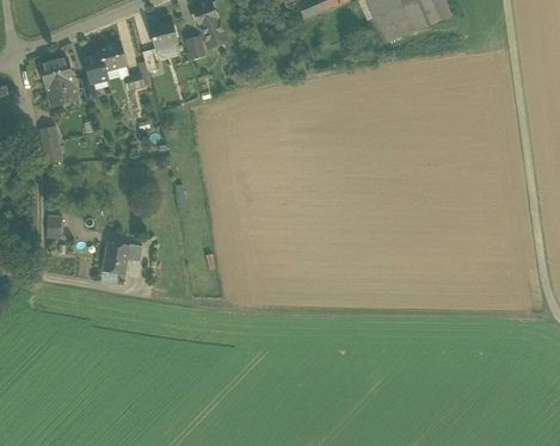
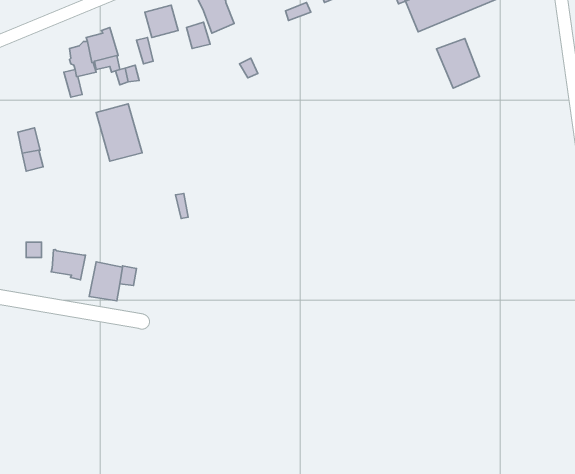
building: none -> [436,39,480,88]
building: [39,57,79,106] -> [96,104,142,161]
building: none -> [51,250,85,280]

